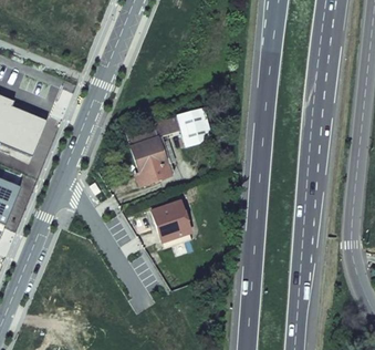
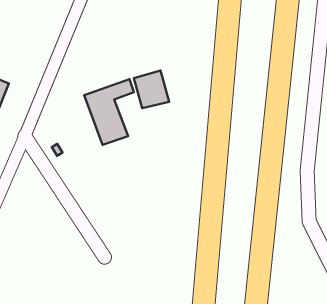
building: [153,202,191,240] -> none

